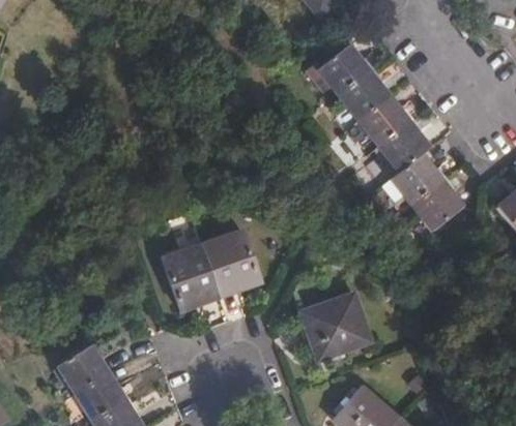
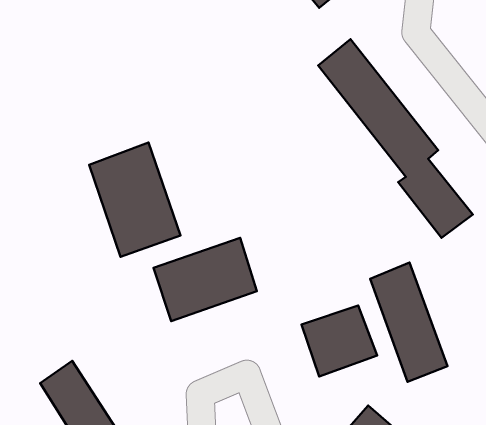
building: none -> [89,142,181,257]
building: none -> [370,262,448,382]

